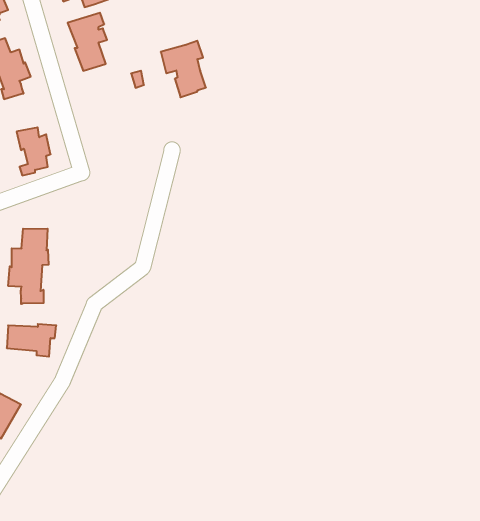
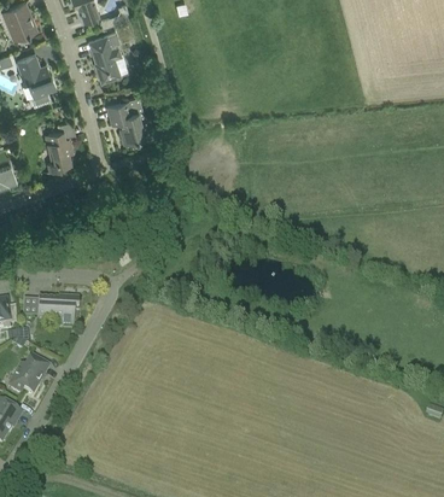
building: [161,41,206,97] -> [106,95,145,144]
building: [8,229,49,304] -> none

